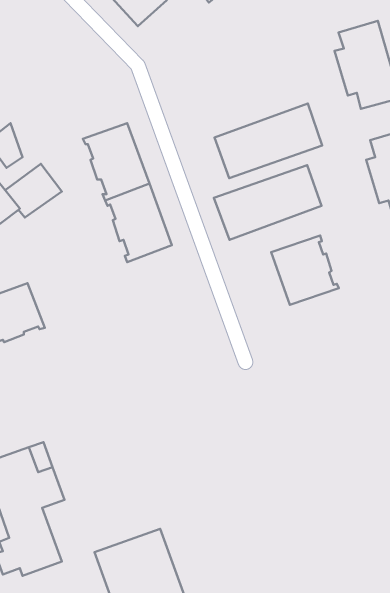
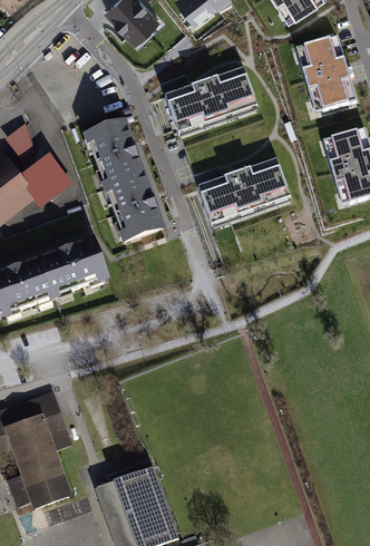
building: [215,103,322,178] -> [164,67,255,130]
building: [271,235,339,305] -> none
building: none -> [39,240,106,296]

